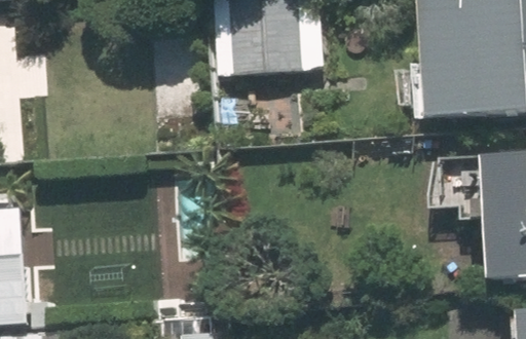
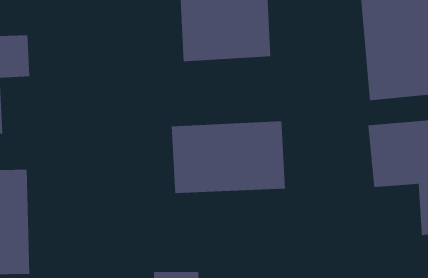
building: none -> [171,120,286,194]

